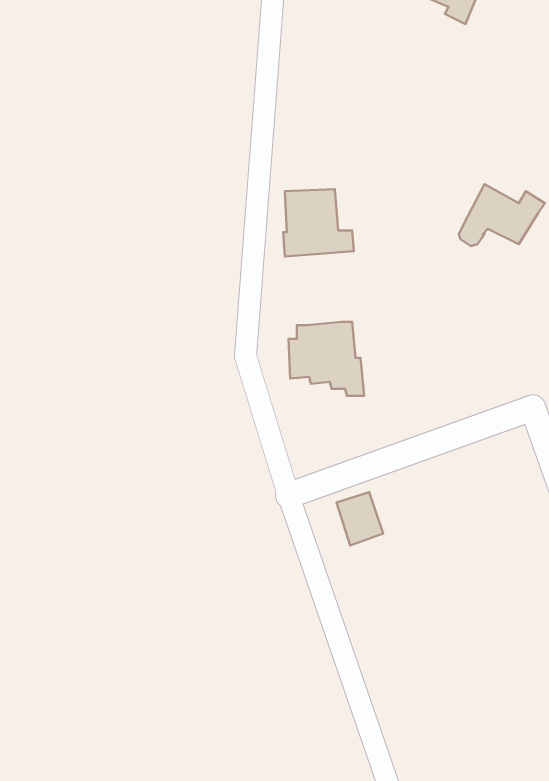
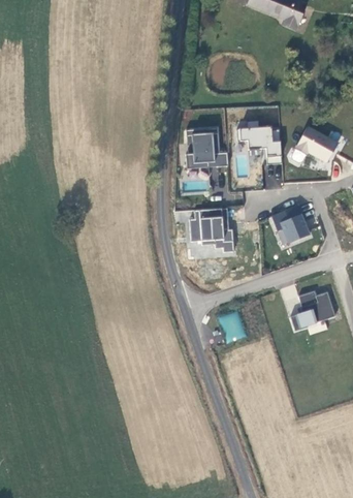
building: none -> [236,126,281,163]
building: none -> [270,204,311,244]
building: none -> [290,290,334,332]

